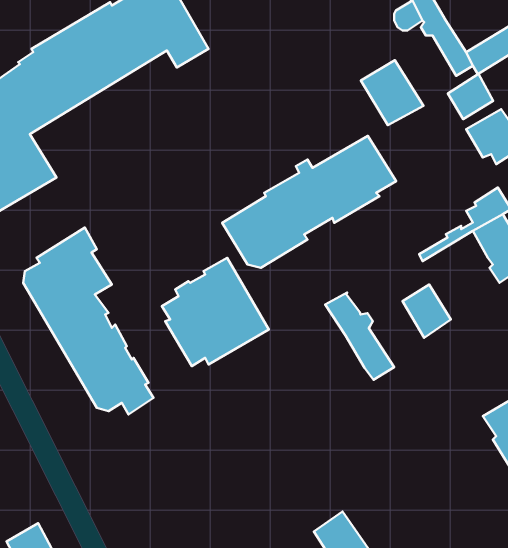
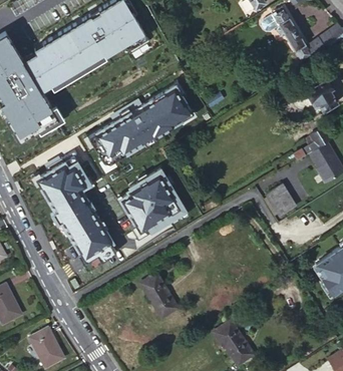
building: [361,60,424,125] -> none
building: [448,74,493,119] -> none
building: [222,136,396,268] -> [88,85,193,164]
building: [325,292,394,380] -> none
building: none -> [140,273,179,319]

